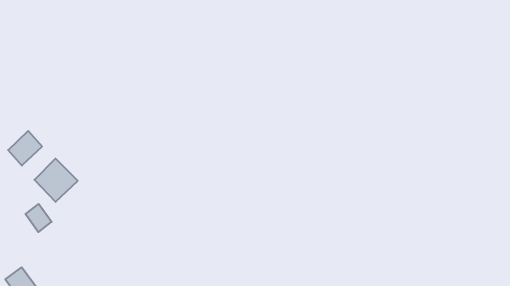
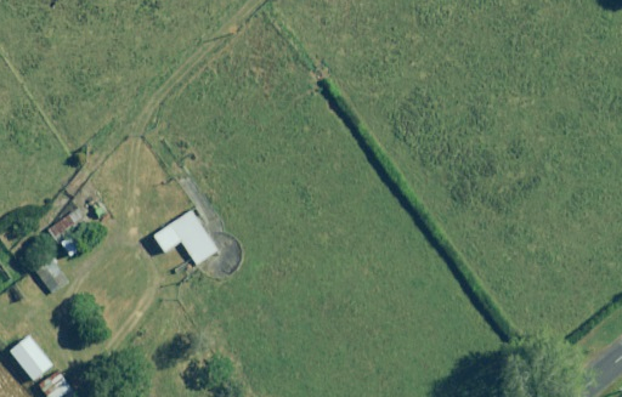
building: [8,131,42,166] -> none
building: none -> [154,211,216,265]

